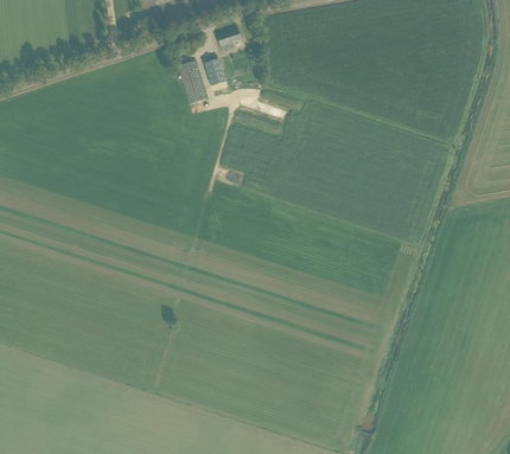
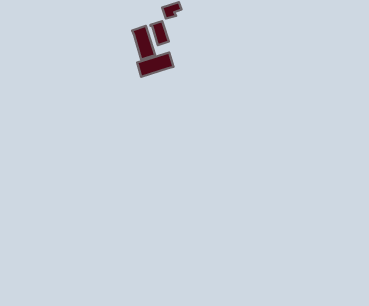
building: none -> [137,53,173,77]

